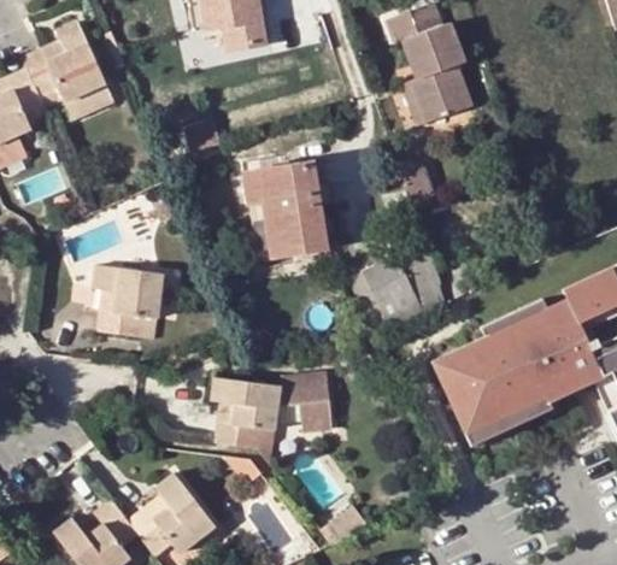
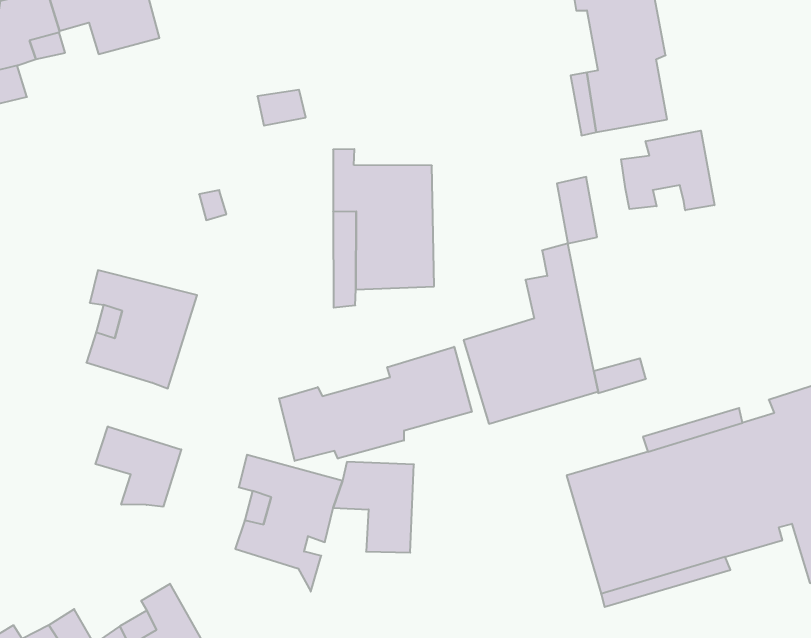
building: none -> [621,131,714,210]
building: none -> [279,347,472,461]
building: none -> [95,426,181,507]

